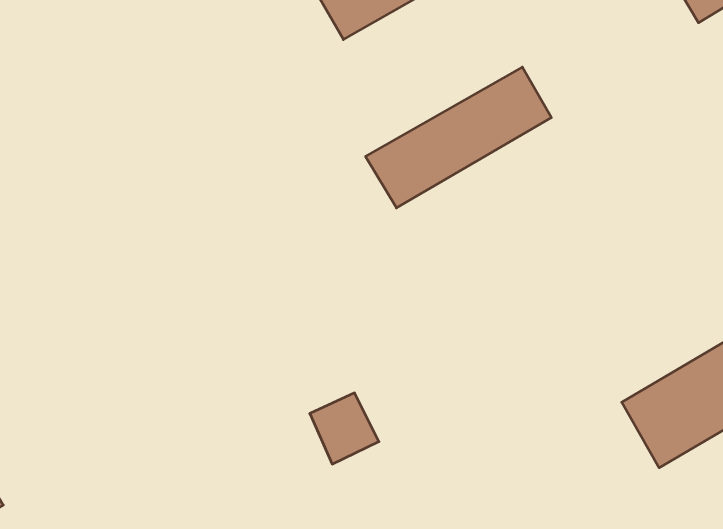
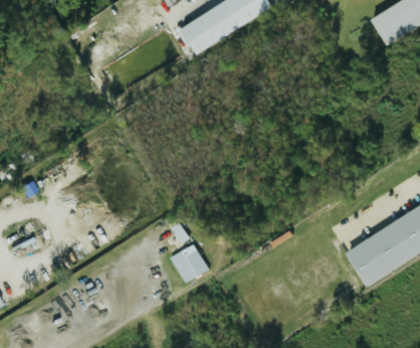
building: [366,67,551,208] -> none

